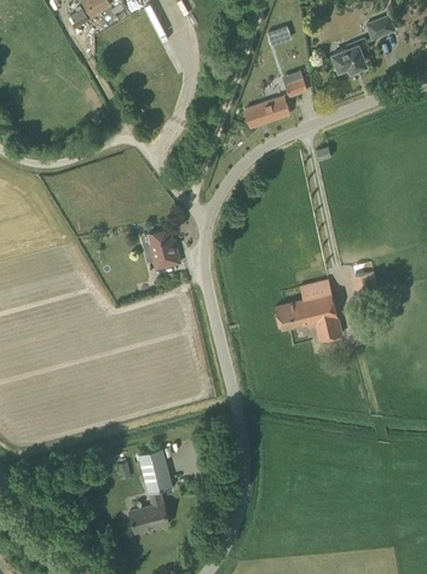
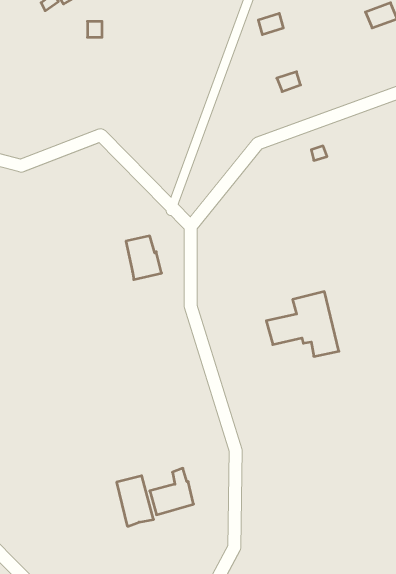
building: [331,39,368,73] -> none
building: [244,97,289,127] -> none
building: [128,490,168,533] -> [150,468,194,515]

